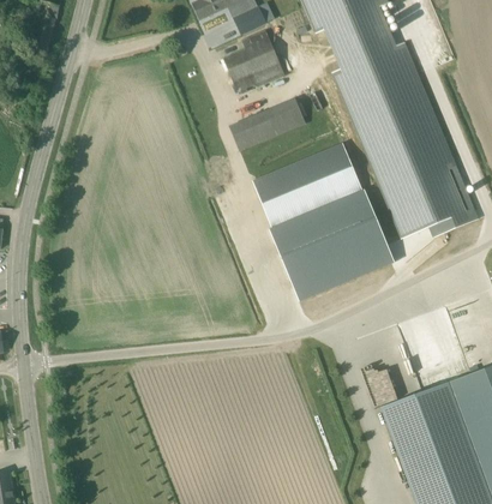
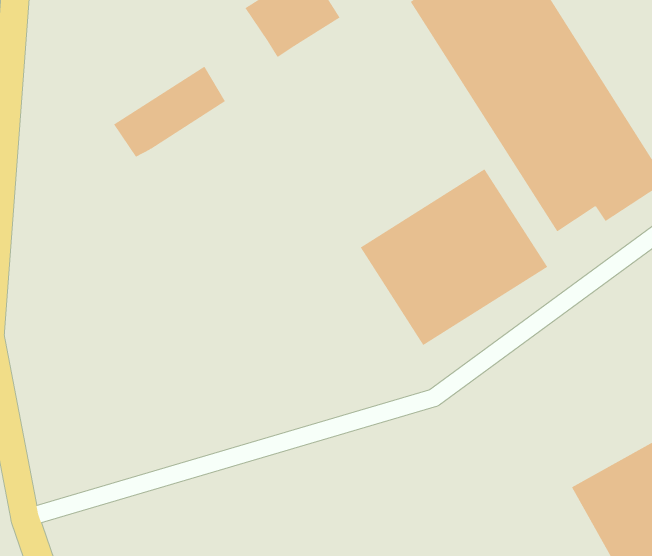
building: [230,97,306,149] -> [113,66,226,158]
building: [253,142,362,226] -> none

